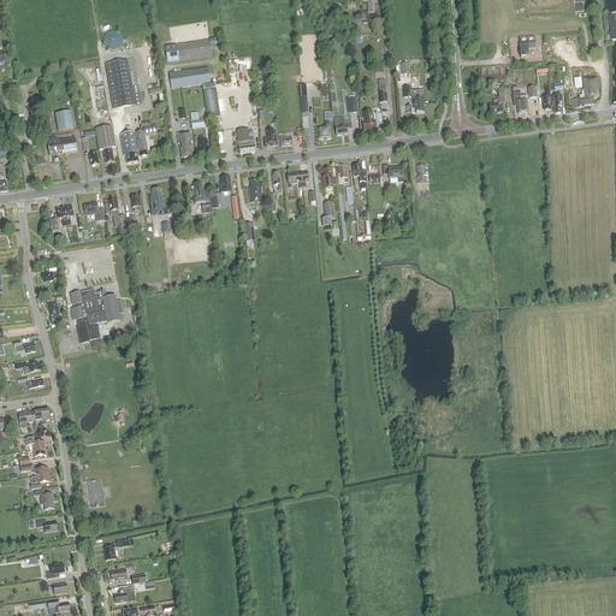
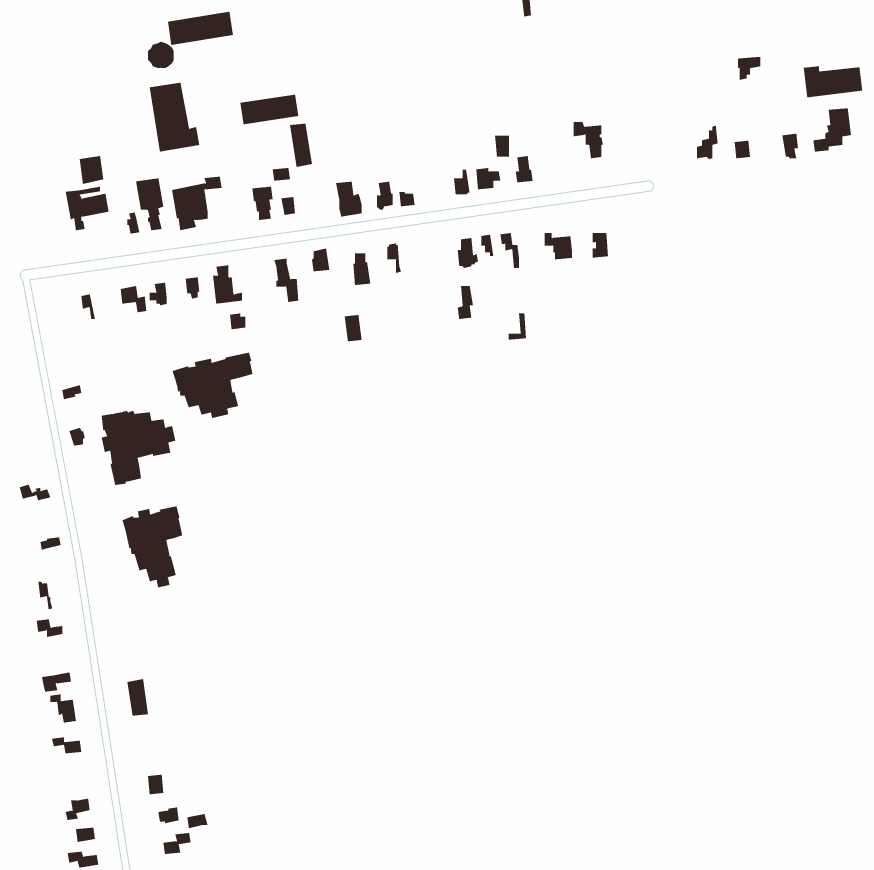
building: [165,37,212,61] -> [167,11,234,45]
building: none -> [803,65,863,98]
building: none -> [172,352,253,419]
building: none -> [122,505,183,588]

